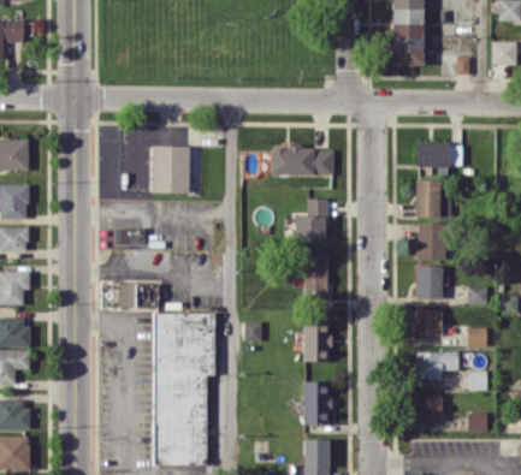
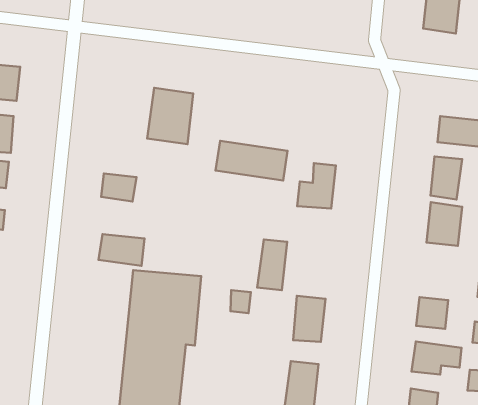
building: [270,147,333,177] -> [215,141,288,181]
building: [304,255,327,299] -> [257,239,287,290]
building: [415,266,442,299] -> none

